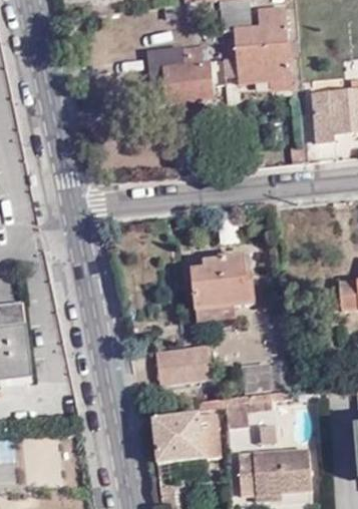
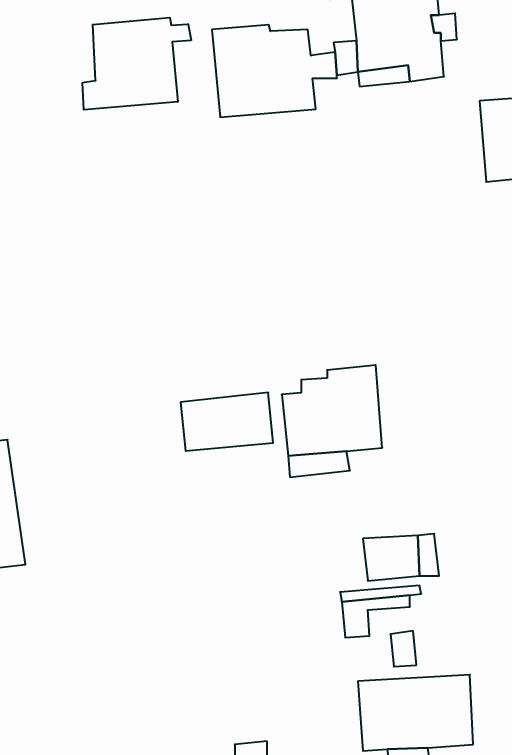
building: none -> [83,18,191,110]
building: [153,344,211,380] -> [181,393,273,451]
building: [155,414,226,464] -> none

